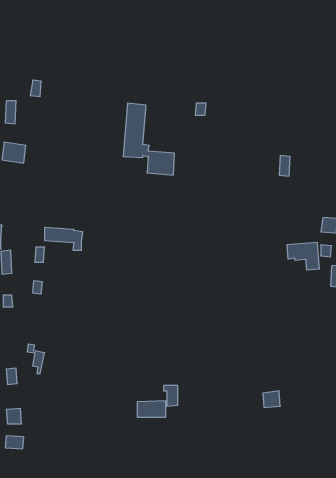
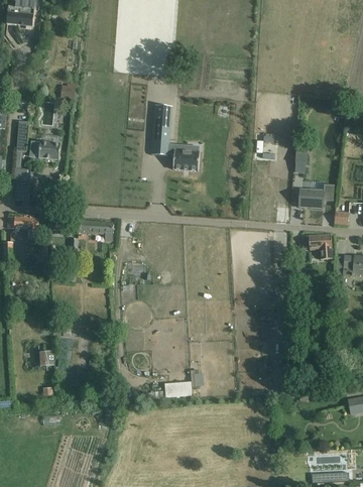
building: none -> [298,182,334,207]

